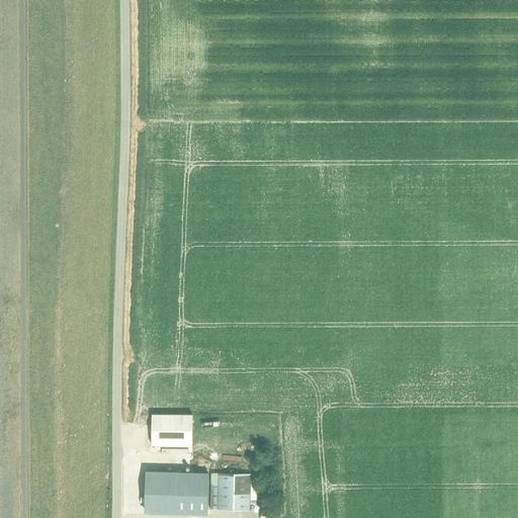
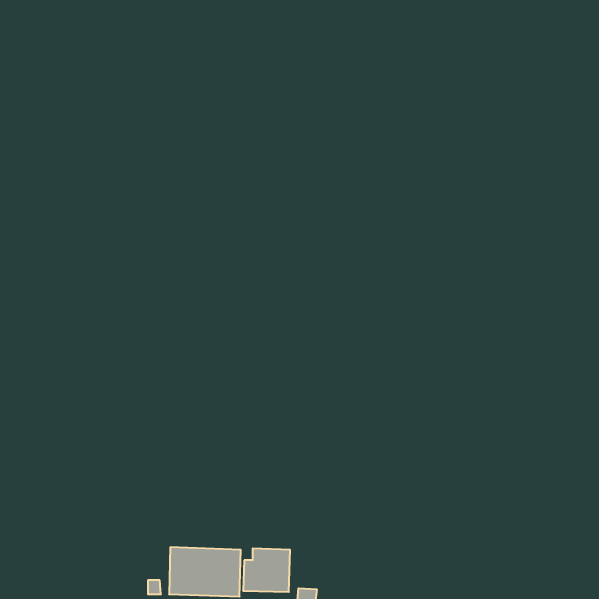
building: [151,415,192,445] -> none

